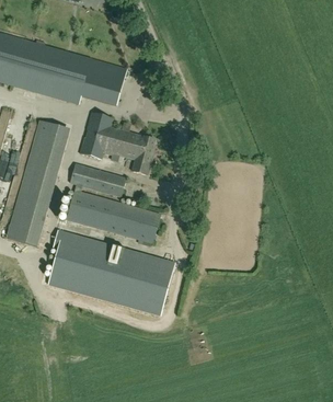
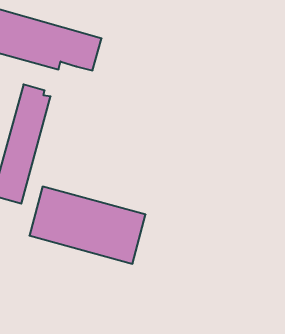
building: [80,112,154,174] -> none
building: [66,163,160,242] -> none

